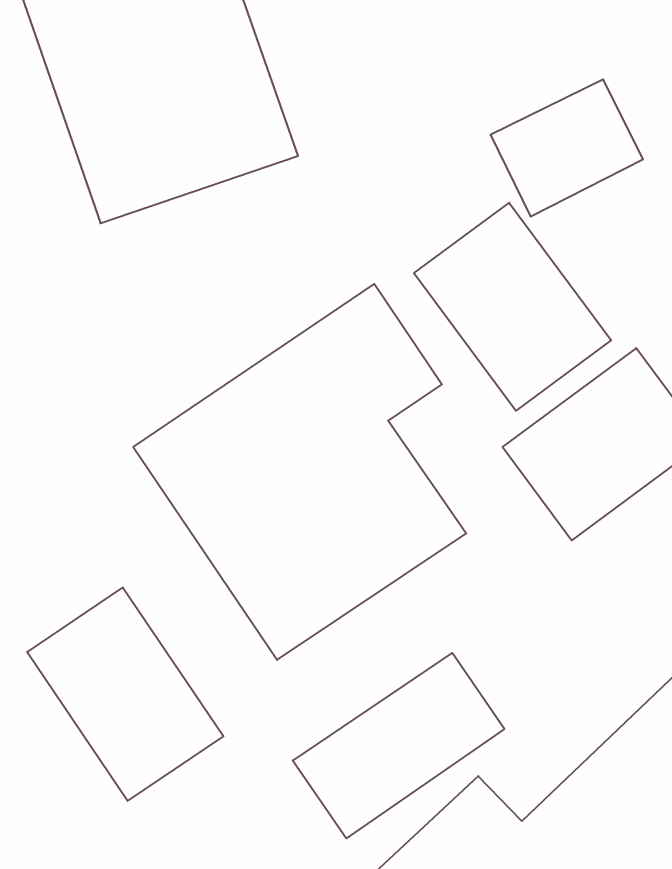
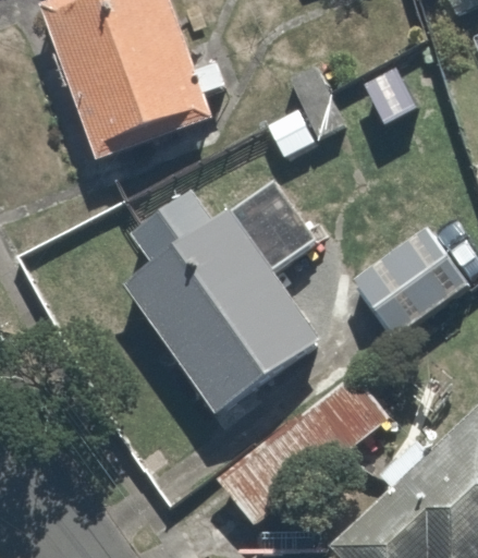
building: [414,203,611,411] -> none
building: [27,587,223,801] -> none

